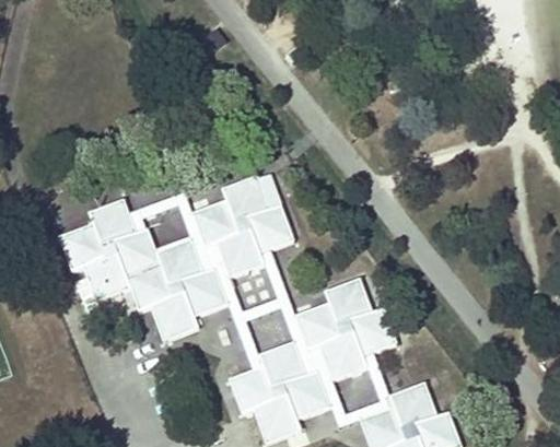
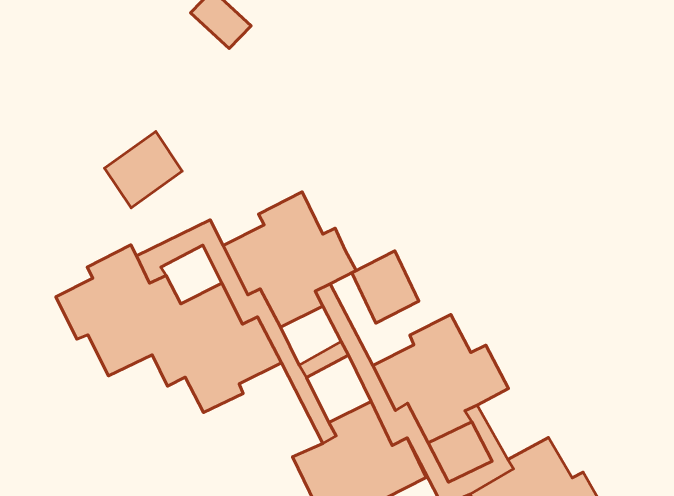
building: none -> [105,131,182,208]
building: none -> [352,251,419,323]

